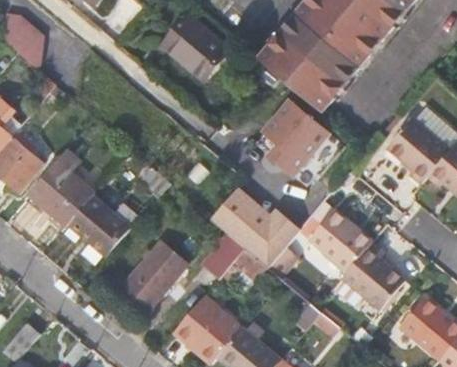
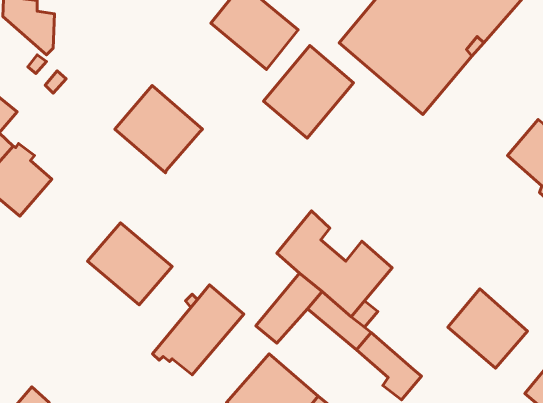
building: [254,103,322,173] -> [264,46,354,138]
building: [30,161,96,227] -> [115,86,202,173]
building: [307,207,370,269] -> none

